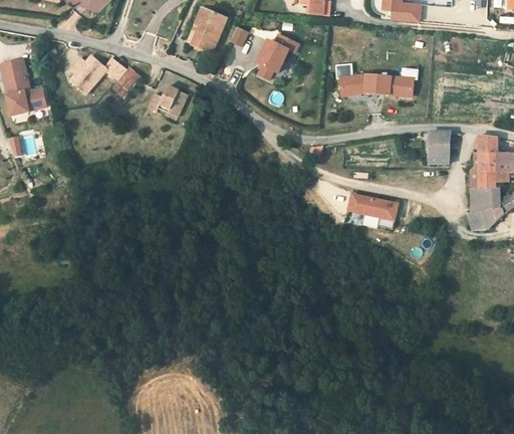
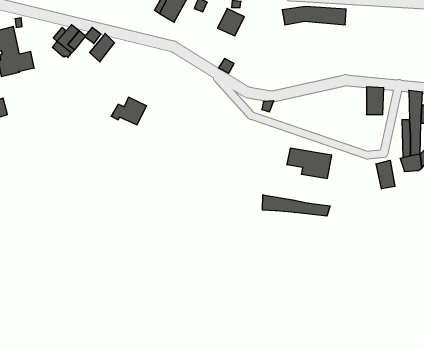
building: [338,74,413,95] -> [282,7,346,25]
building: [147,83,188,116] -> [111,97,147,125]
building: none -> [376,160,395,189]
building: none -> [263,195,330,216]

